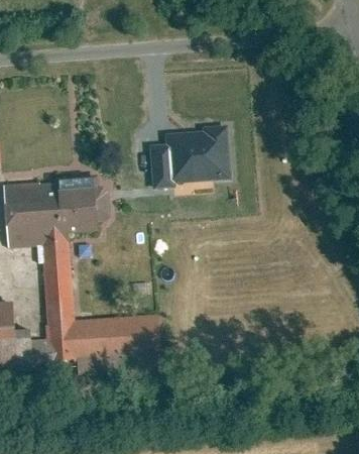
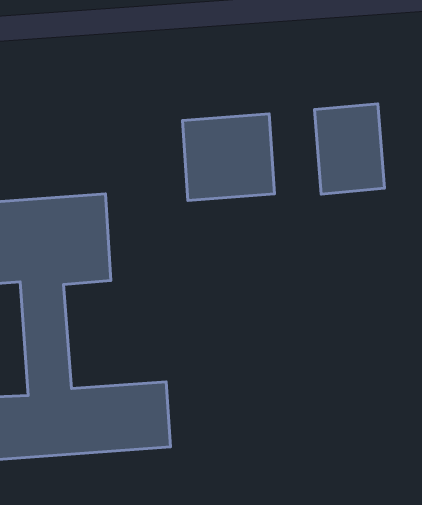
building: none -> [315,104,384,194]

